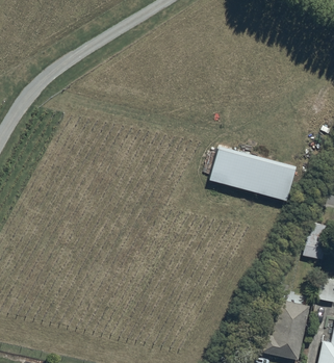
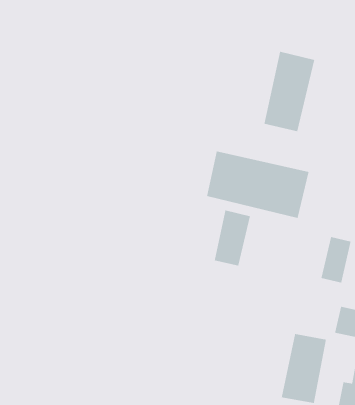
building: none -> [263,51,315,132]
building: none -> [214,209,251,267]

